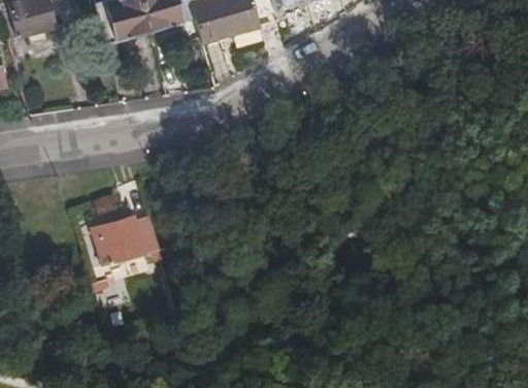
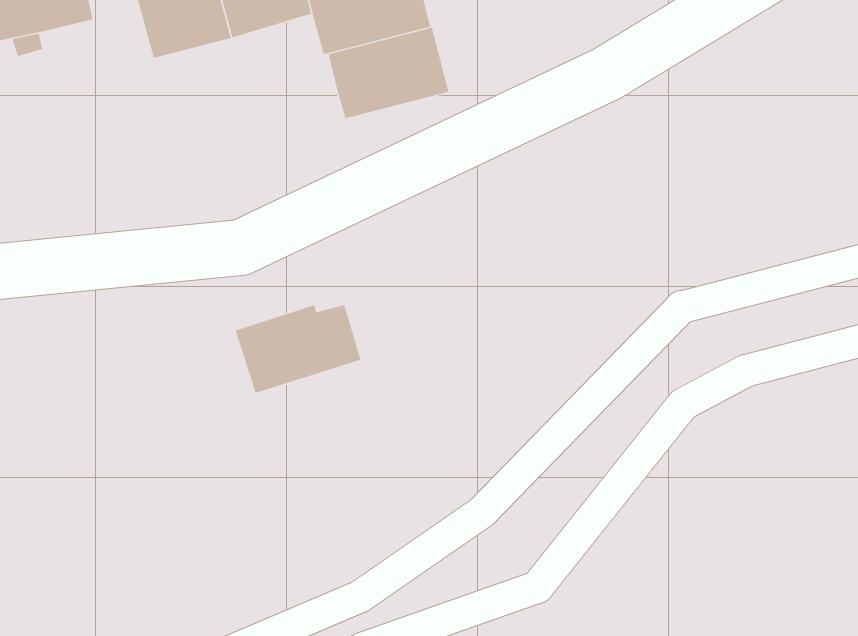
building: none -> [328,27,449,119]
building: [89,214,159,263] -> [235,304,362,394]

